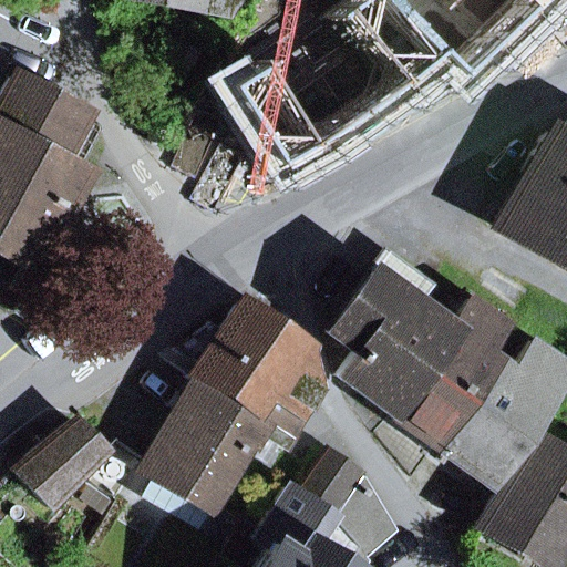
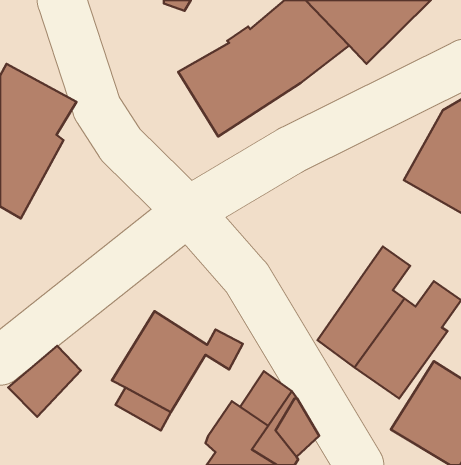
building: [329,256,450,414] -> none
building: [186,305,316,420] -> none

